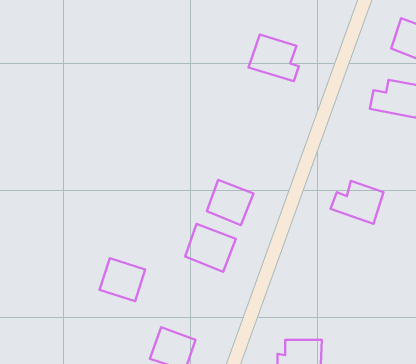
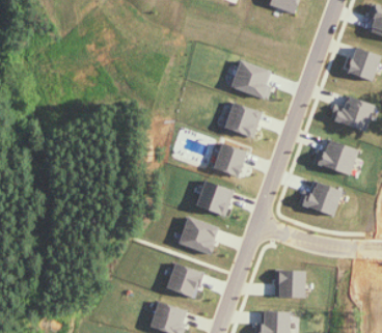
building: none -> [223,102,262,138]
building: none -> [311,139,357,175]
building: none -> [212,142,246,176]
building: [100,258,145,301] -> [165,262,202,298]
building: none -> [273,270,304,297]

